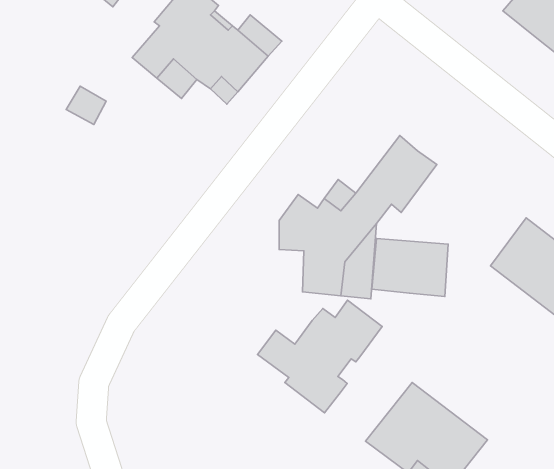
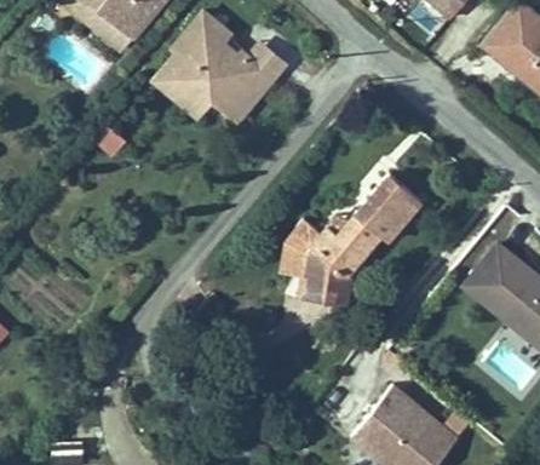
building: [372,239,448,296] -> none
building: [257,300,382,413] -> none

